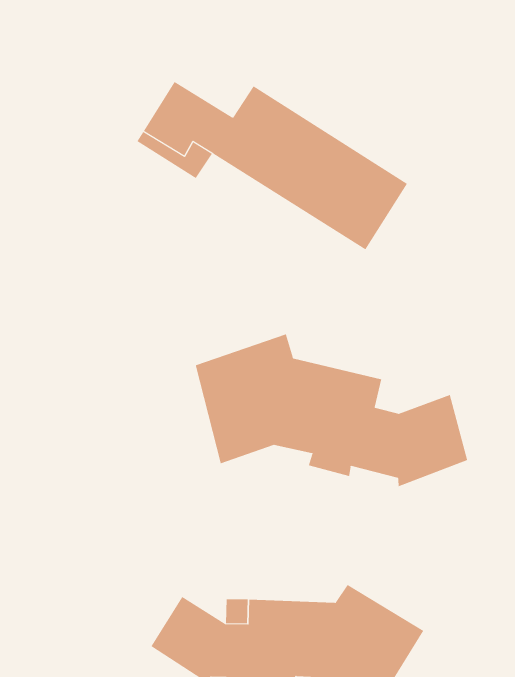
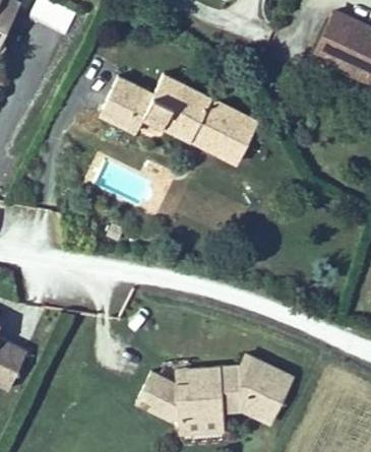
building: [195,333,468,487] -> none

